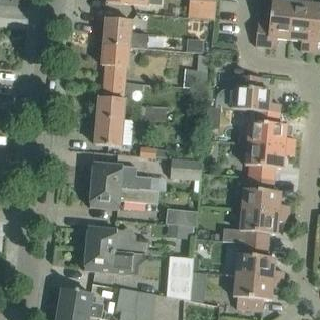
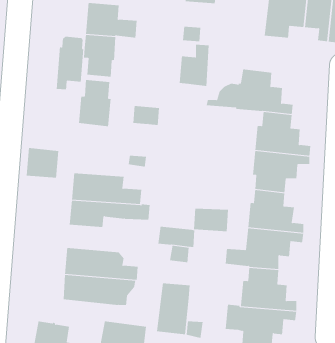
building: none -> [56,36,84,90]
building: [95,120,123,146] -> [26,147,59,178]
building: [170,159,200,180] -> [193,208,229,232]

